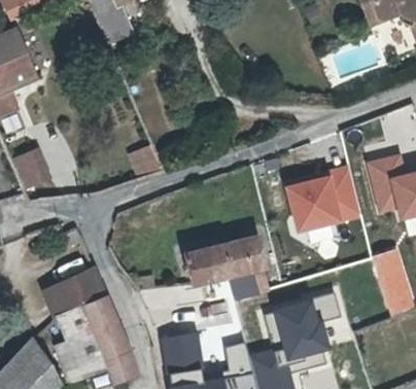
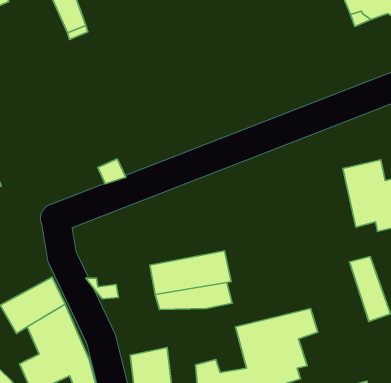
building: [283,161,365,234] -> none

